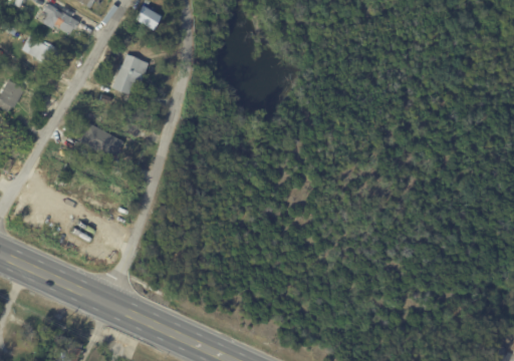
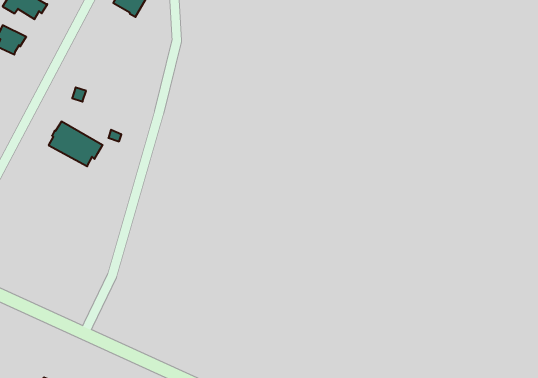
building: [112,53,150,94] -> none

